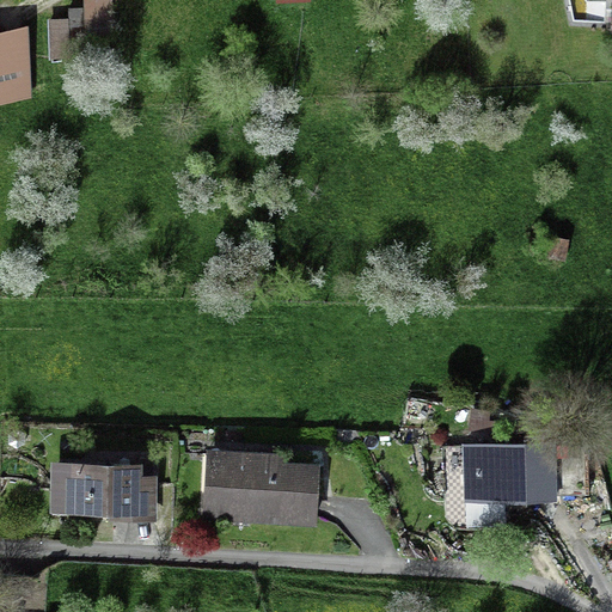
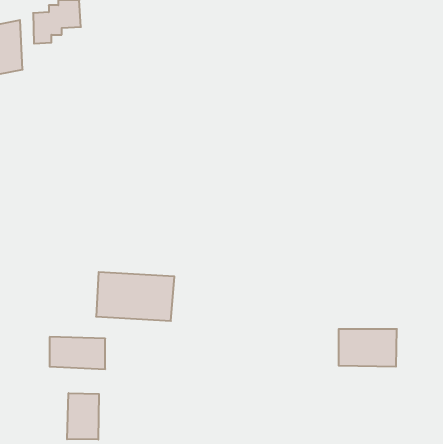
building: [208,455,316,522] -> [96,272,174,321]
building: none -> [67,393,99,440]

